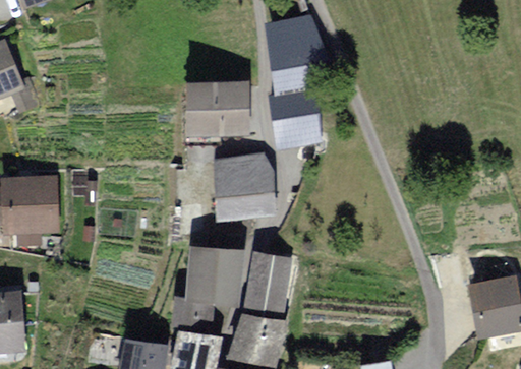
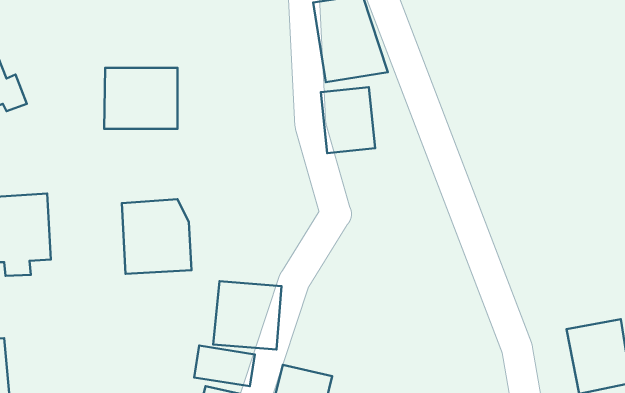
building: [187,83,246,132] -> [104,68,177,129]
building: [217,156,273,216] -> [122,199,191,274]
building: [245,254,290,312] -> none

